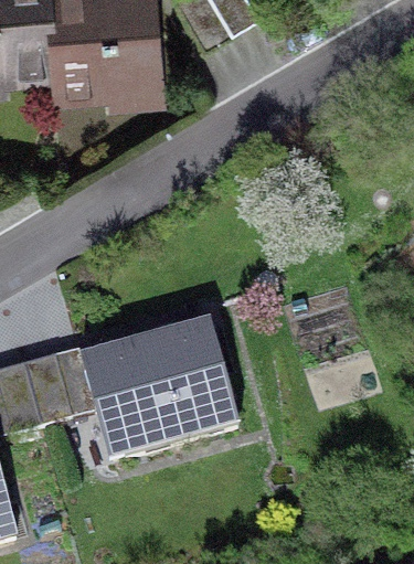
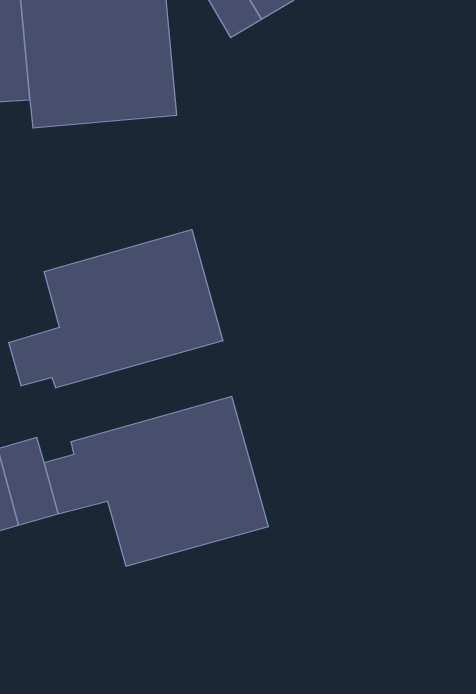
building: none -> [9,230,223,388]

